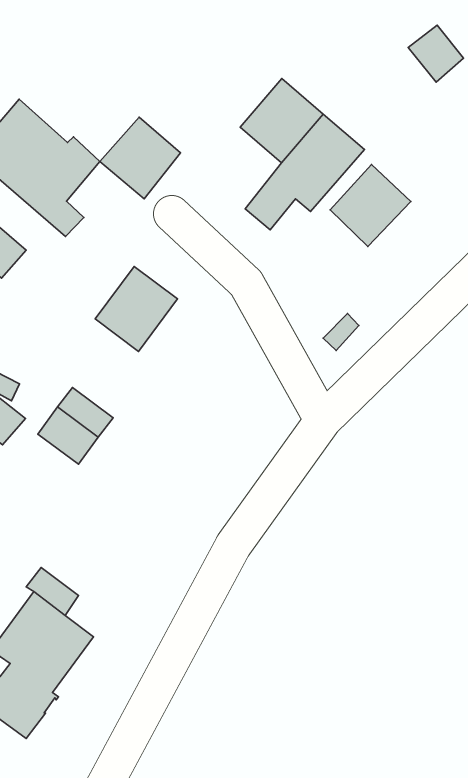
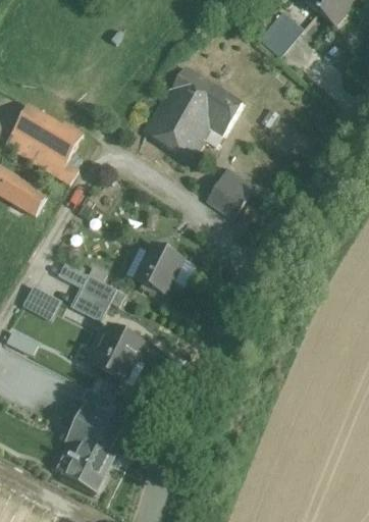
building: [100,117,180,199] -> [145,100,193,149]
building: [330,165,411,247] -> [206,166,254,216]
building: [95,266,177,351] -> [135,243,182,294]
building: none -> [91,324,148,379]

